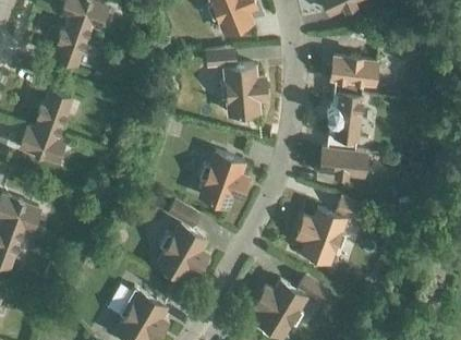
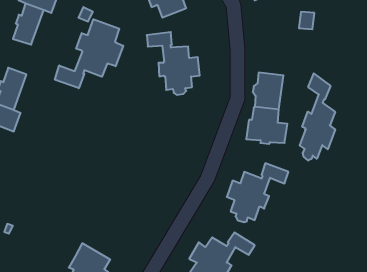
building: none -> [55,19,123,88]
building: [330,57,377,99] -> none
building: none -> [300,73,335,161]
building: [199,154,247,207] -> none
building: [157,201,208,280] -> none

